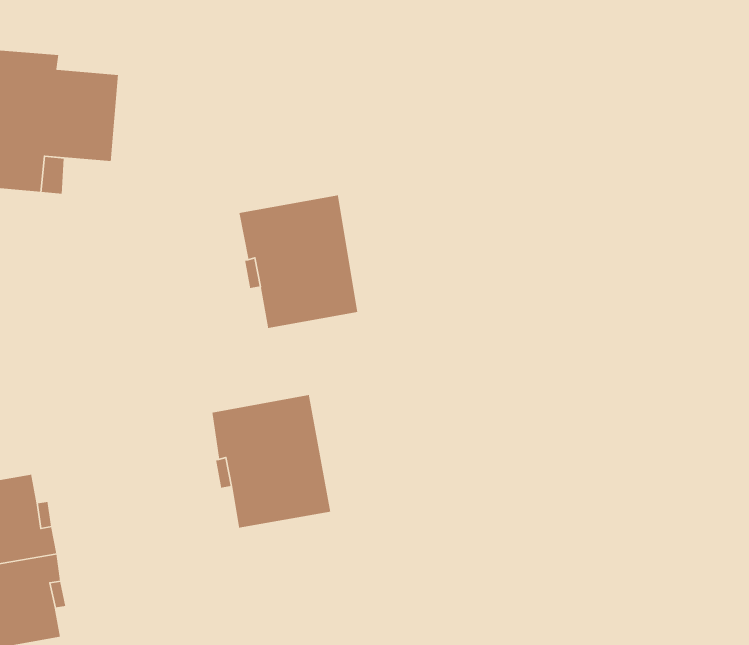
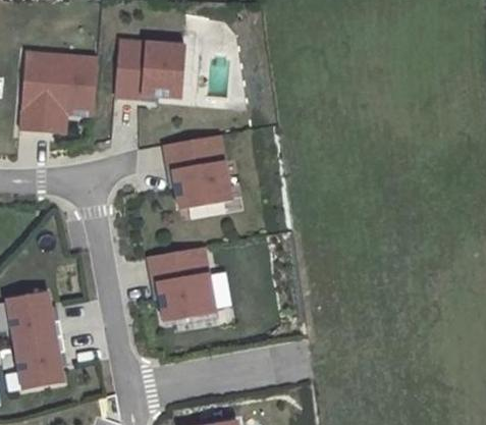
building: none -> [115,40,185,98]

